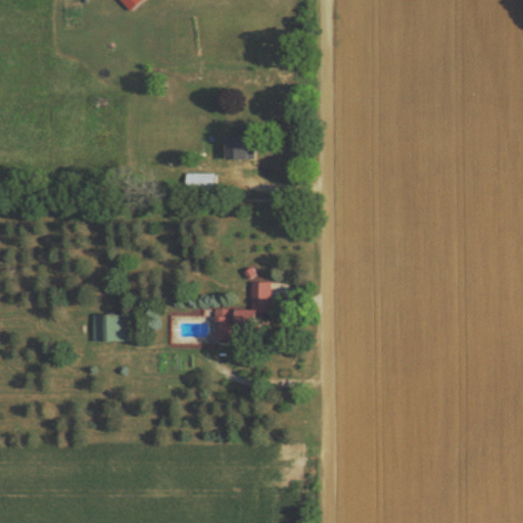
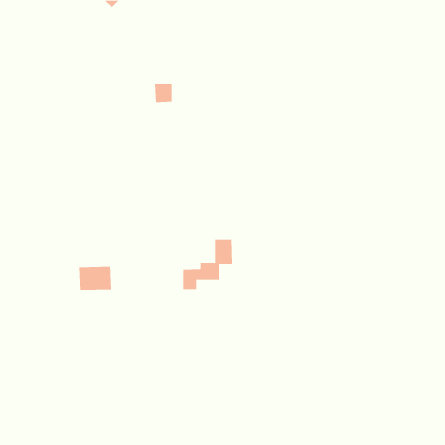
building: [224,136,245,158] -> [154,83,173,103]
building: [185,173,212,193] -> none

